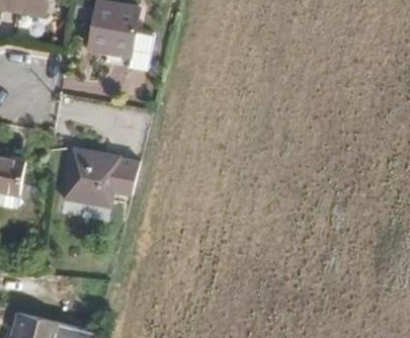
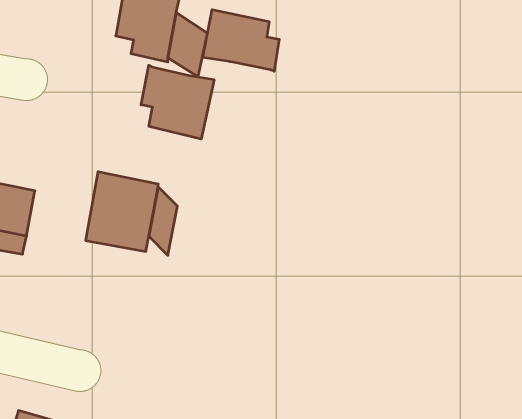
building: none -> [203,10,279,71]
building: none -> [141,65,214,139]

